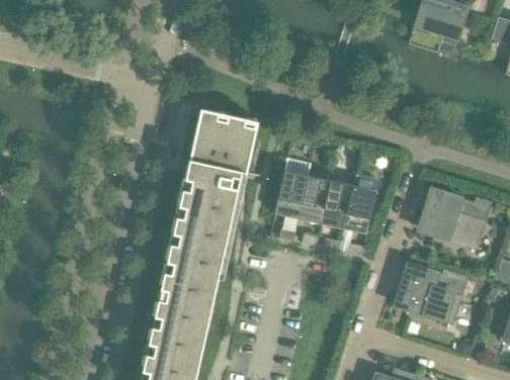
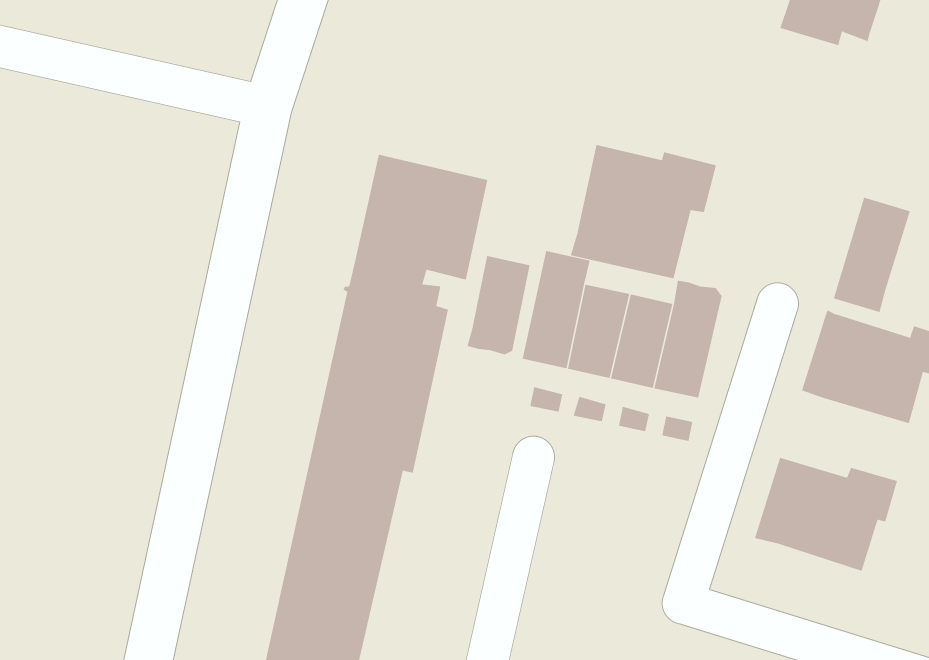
building: none -> [570,144,716,279]
building: none -> [833,197,910,313]
building: none -> [467,255,530,355]

